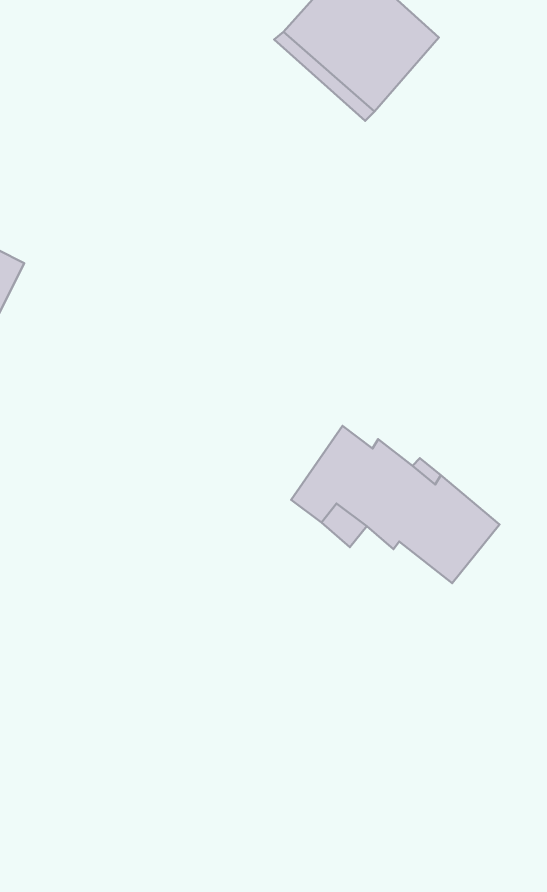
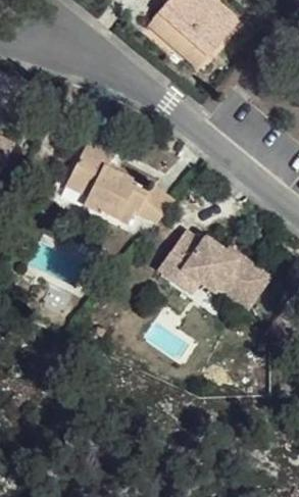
building: none -> [66,139,175,221]

